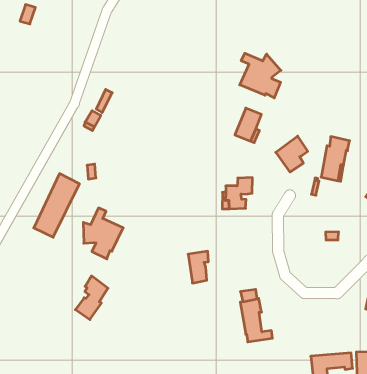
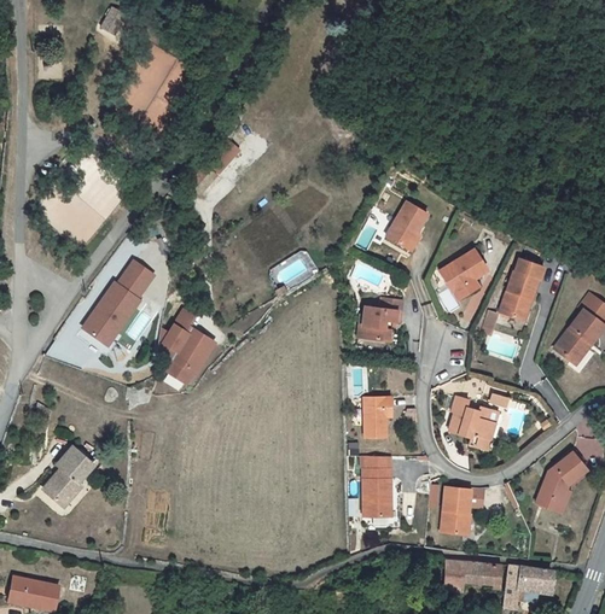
building: [240,53,281,98] -> none
building: none -> [449,397,494,446]
building: [188,251,208,283] -> [362,394,390,435]
building: [75,276,108,320] -> [45,450,94,510]
building: none -> [438,486,469,534]

